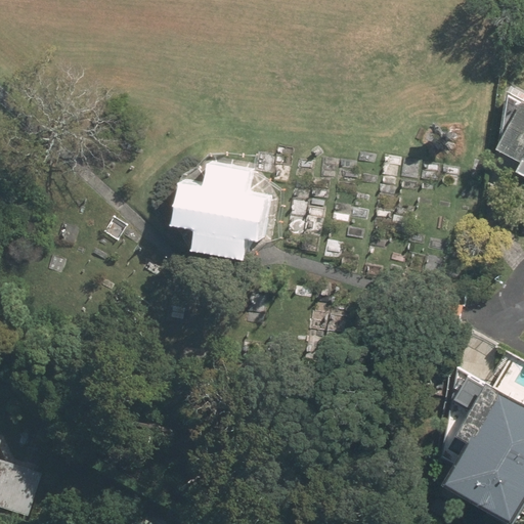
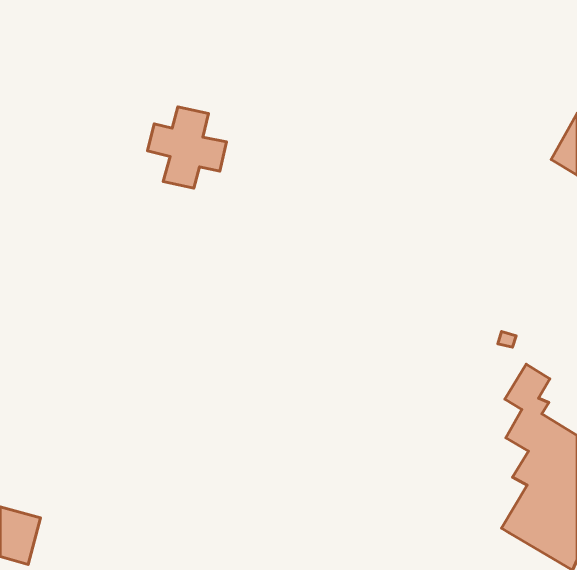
building: [191,176,263,250] -> [147,107,226,188]

